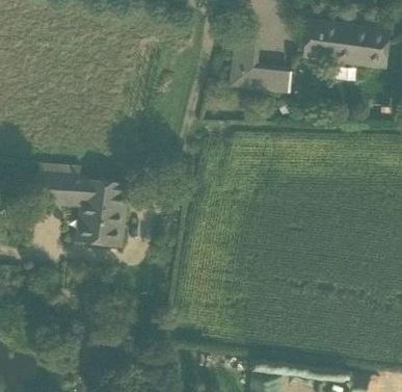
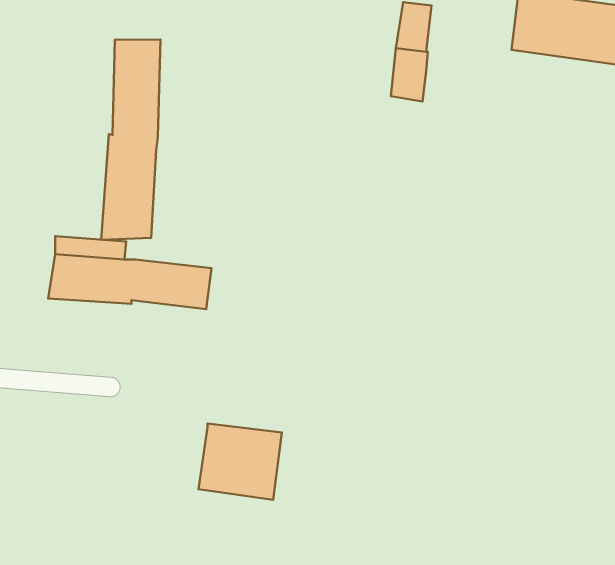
building: none -> [101,40,160,240]
building: [250,69,288,93] -> none
building: [76,203,125,247] -> [199,423,282,500]

